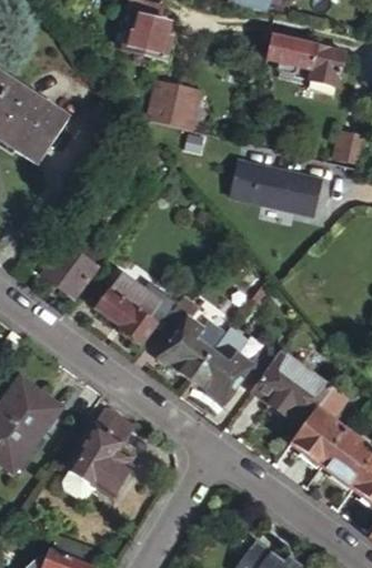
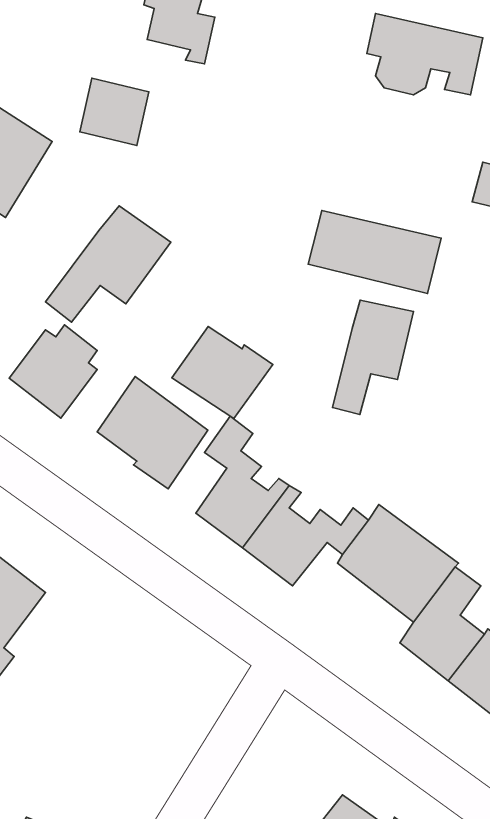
building: [153,85,198,129] -> [80,78,149,146]
building: none -> [45,206,171,322]
building: none -> [333,300,413,415]
building: none -> [172,326,273,419]
building: [62,407,137,497] -> none

